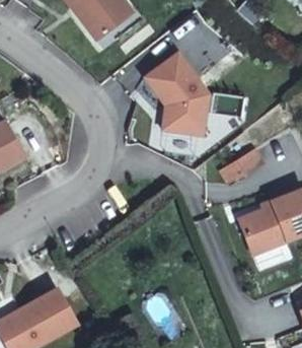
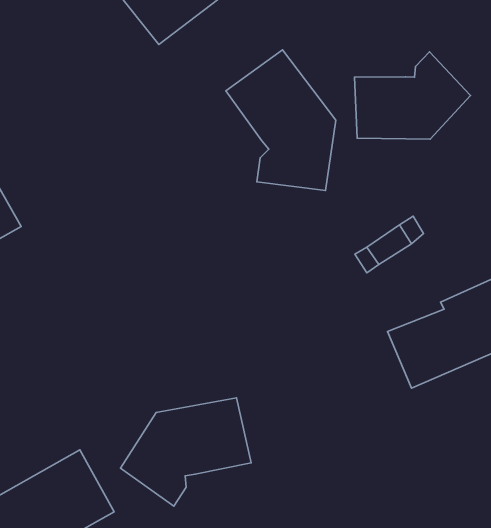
building: none -> [355,52,471,139]
building: none -> [120,398,251,506]

